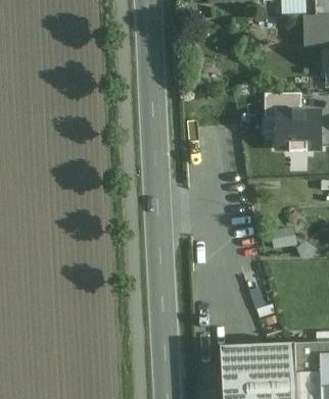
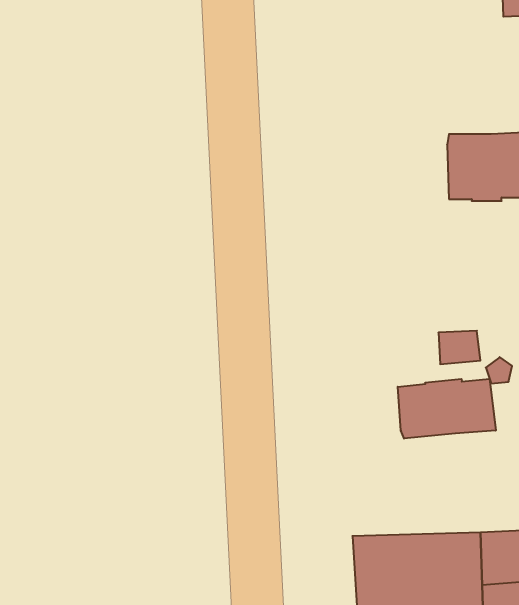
building: [264,94,300,118] -> none
building: none -> [398,379,496,439]

